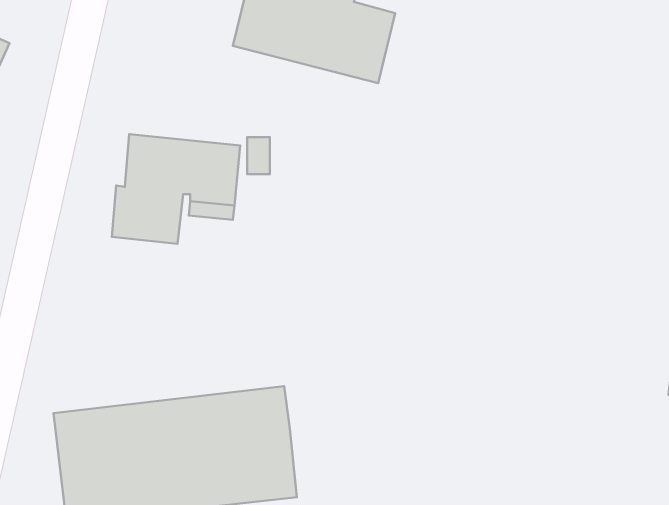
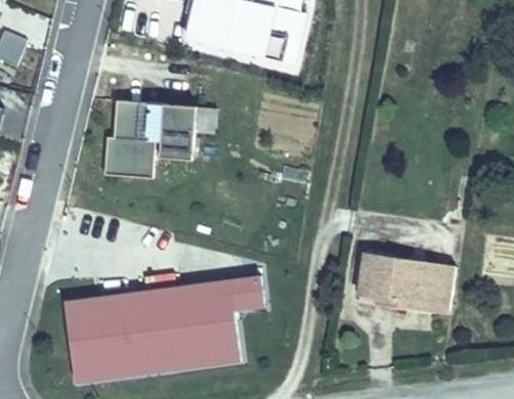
building: none -> [351,256,456,314]
building: none -> [226,279,259,313]

